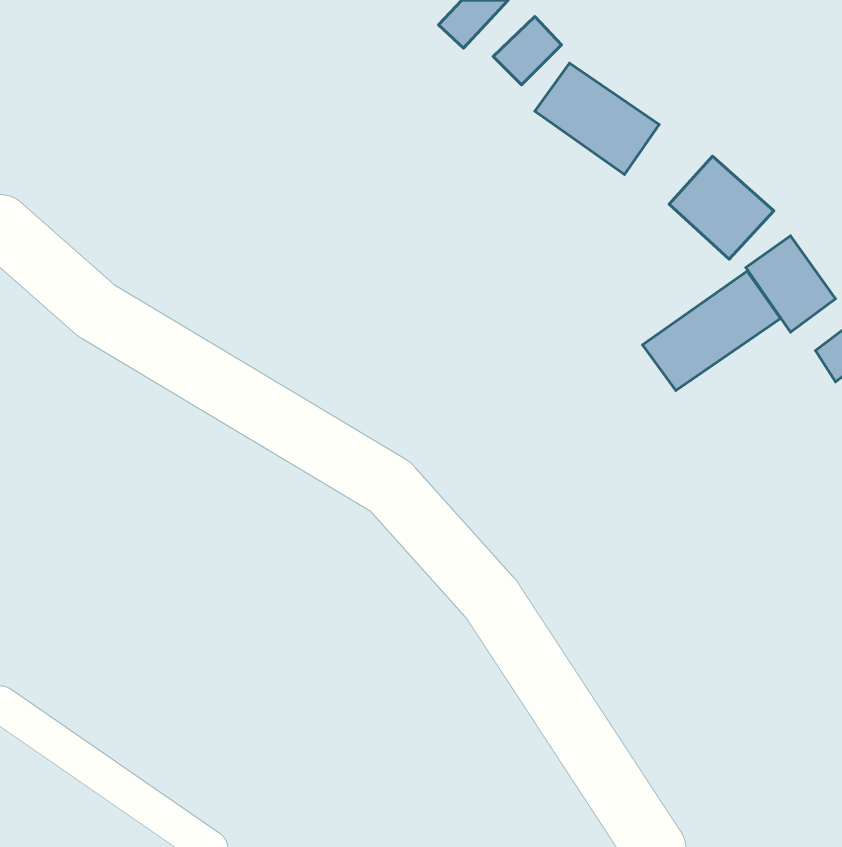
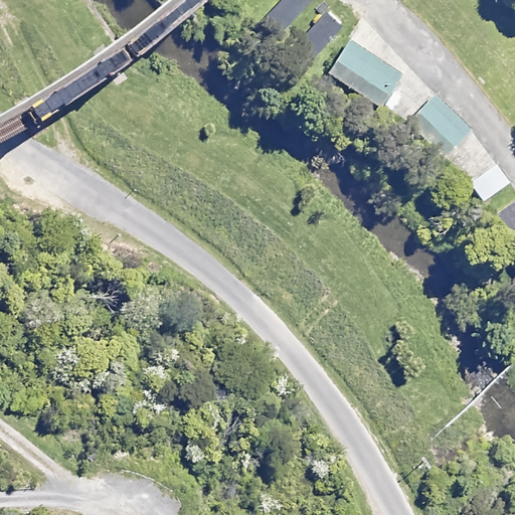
building: [643,271,780,390] -> none

